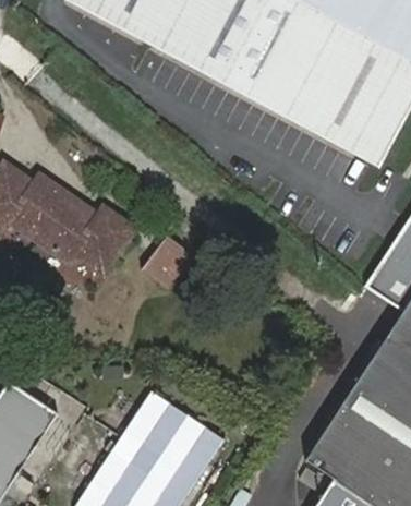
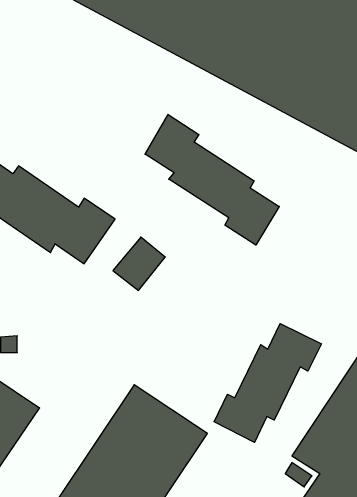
building: none -> [145,114,279,245]
building: none -> [214,324,321,442]

